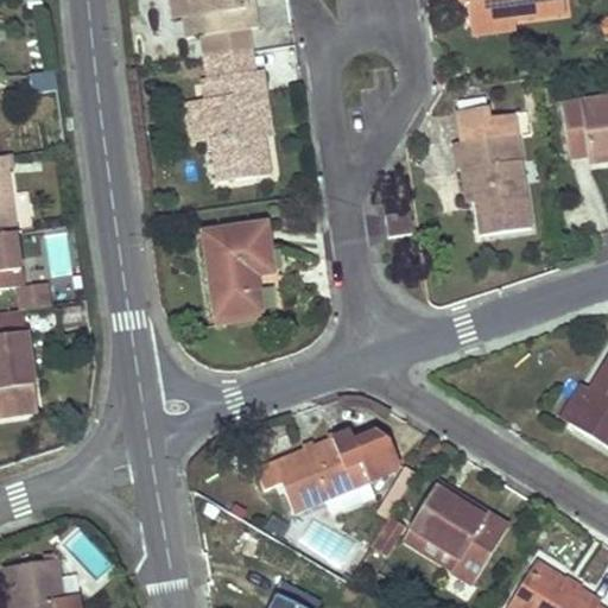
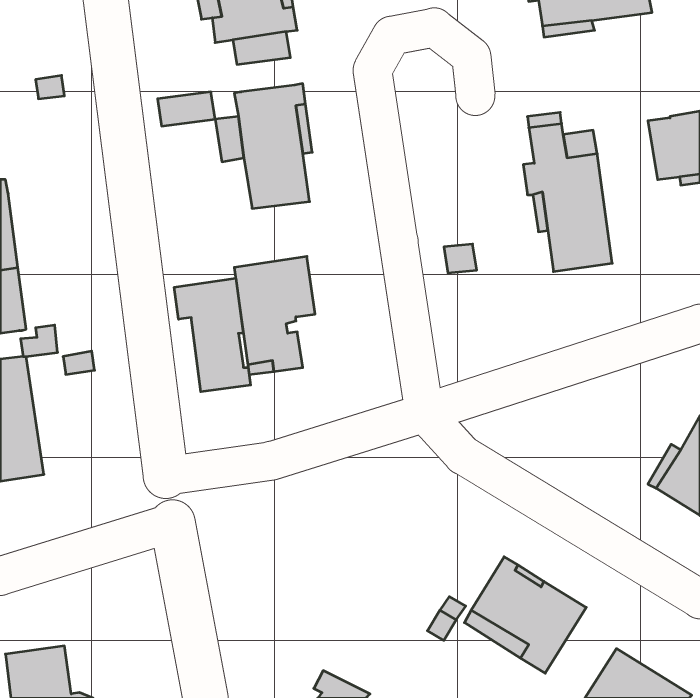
building: [205,50,255,80] -> [158,92,215,126]
building: none -> [174,278,251,392]
building: [256,431,399,512] -> none

